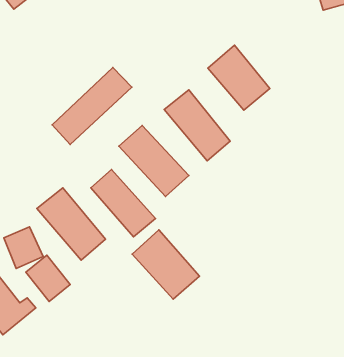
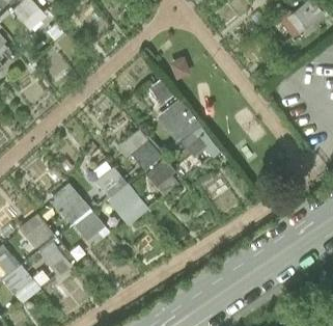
building: [208,45,270,110] -> none
building: [52,67,132,144] -> none
building: [132,230,200,299] -> none

